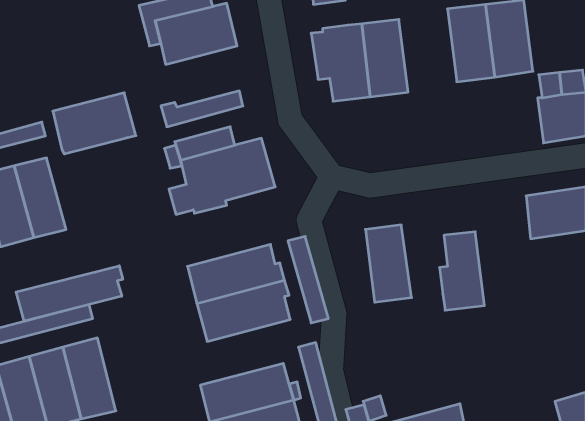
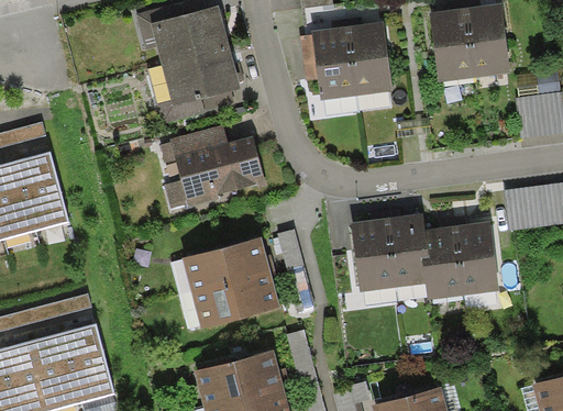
building: [53,93,136,154] -> [161,47,240,105]
building: none -> [385,212,429,287]
building: none -> [455,220,499,295]
building: [16,266,123,321] -> none

